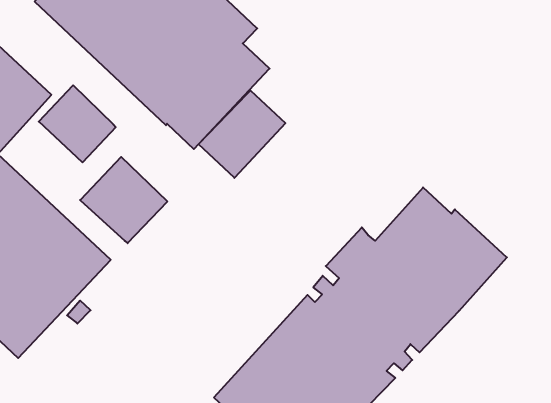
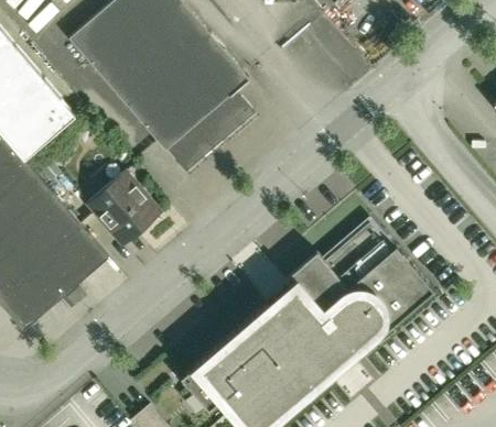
building: [39,85,116,162] -> none
building: [199,91,285,178] -> none

